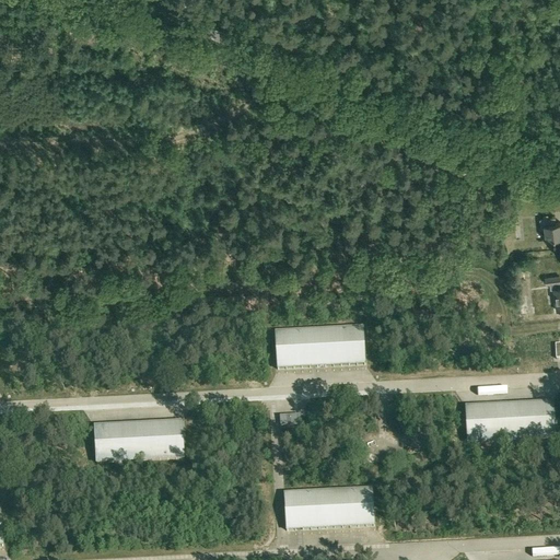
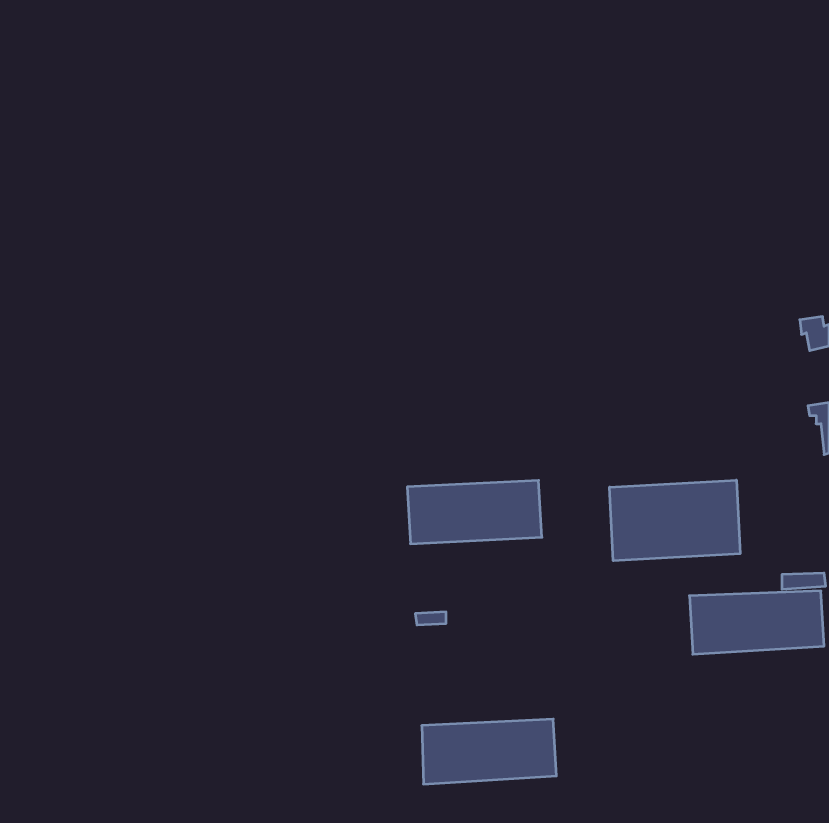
building: none -> [610,480,740,561]
building: [94,418,185,460] -> none

